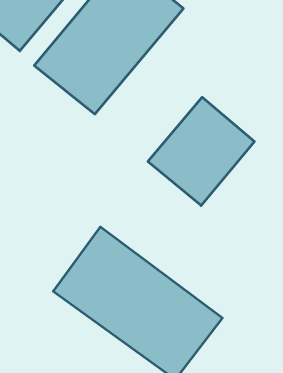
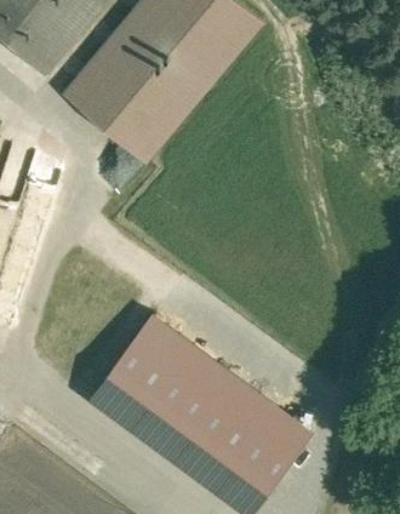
building: [148,97,254,206] -> none

